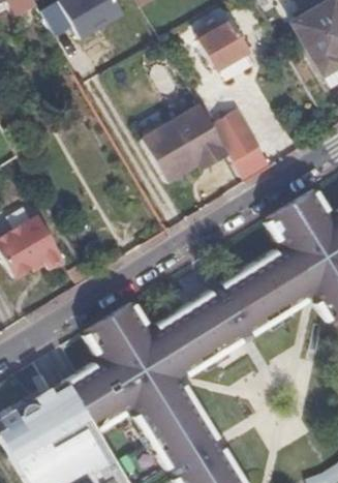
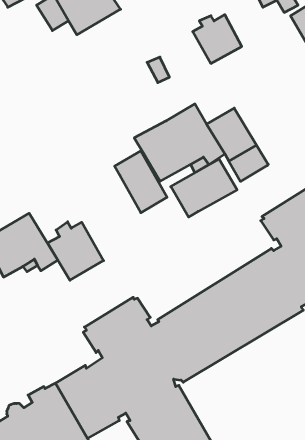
building: none -> [115,151,167,213]
building: none -> [171,159,237,217]
building: none -> [47,222,104,280]

